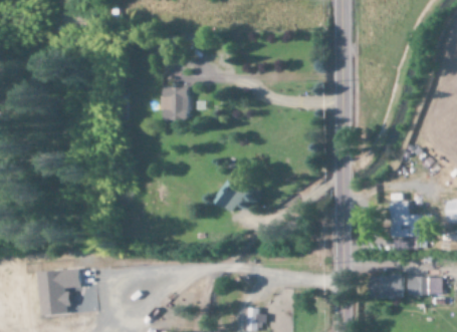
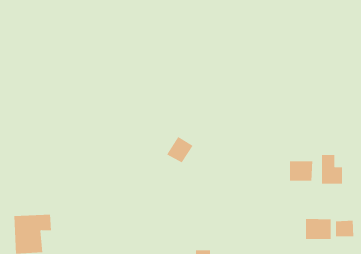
building: [161,86,189,121] -> none
building: none -> [289,160,313,182]

